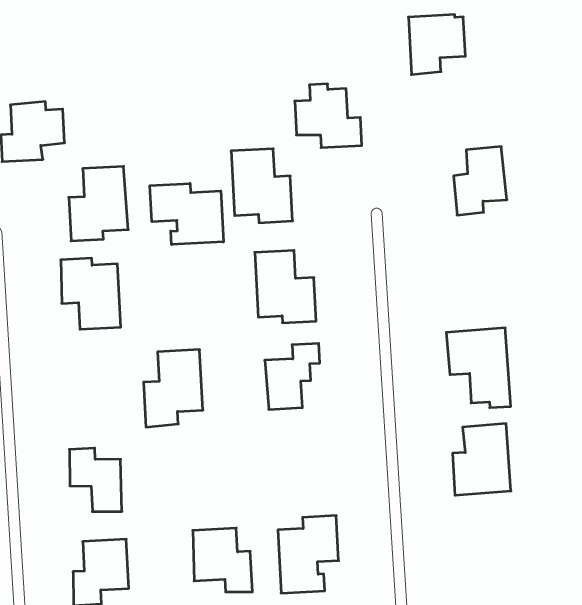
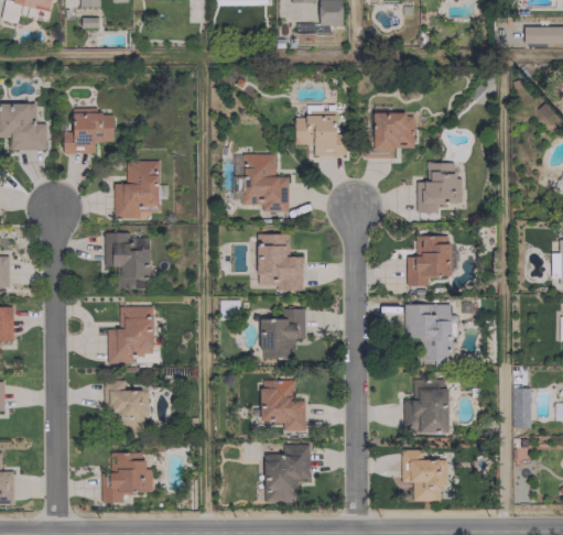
building: [408,15,465,75] -> [371,113,414,159]
building: [150,183,223,245] -> none
building: none -> [407,237,451,286]
building: [144,350,203,427] -> [108,306,153,364]
building: none -> [402,449,442,501]
building: [193,528,252,592] -> [260,381,305,432]

